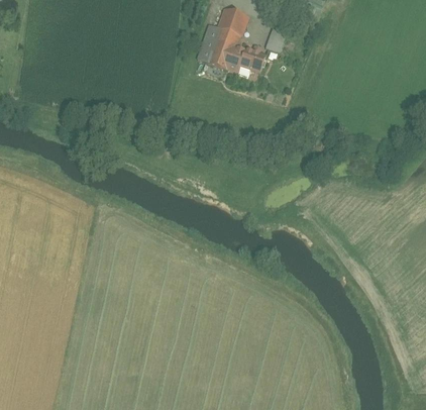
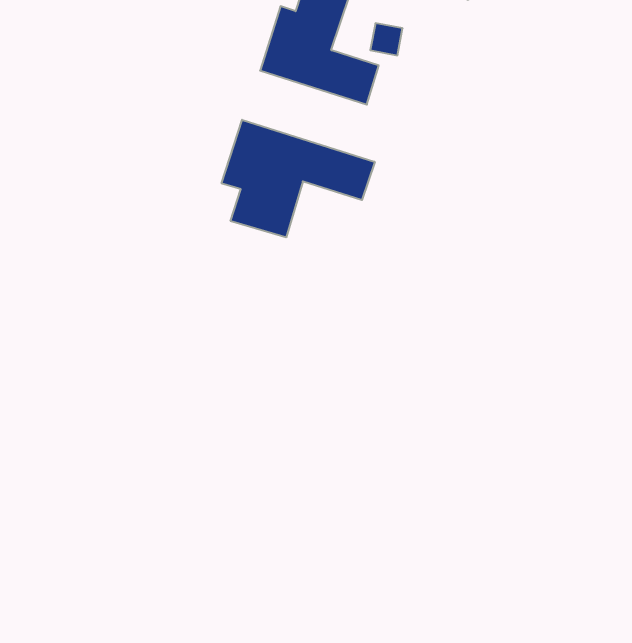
building: none -> [222,120,375,237]

